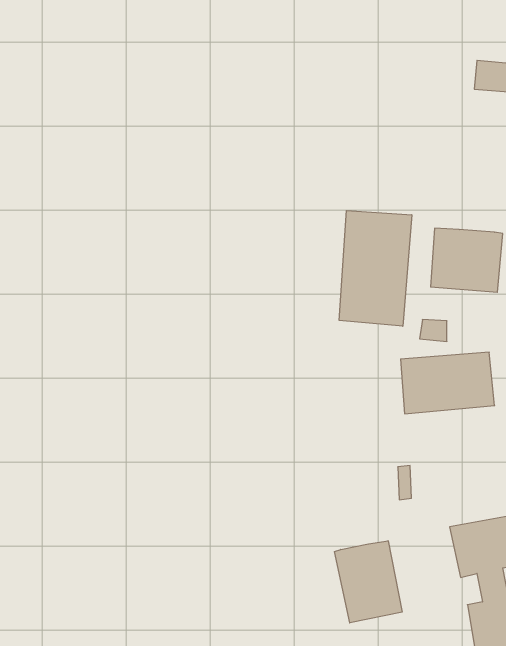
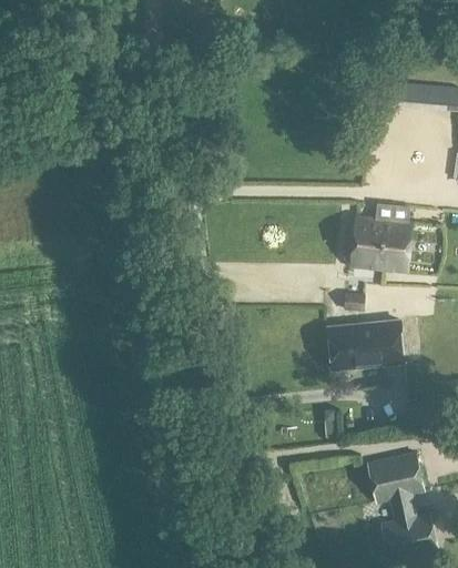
building: [339,211,412,326] -> none
building: [334,541,402,623] -> none

